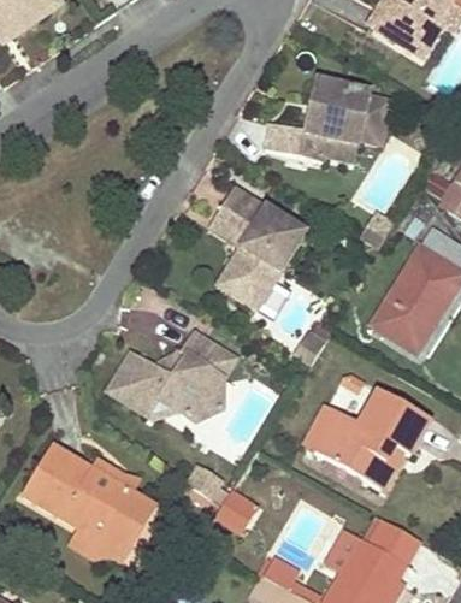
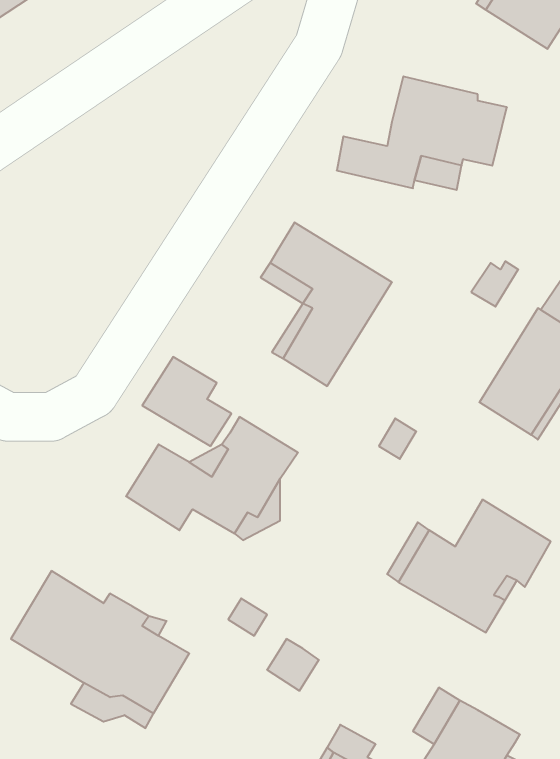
building: [371,522,422,568] -> none

